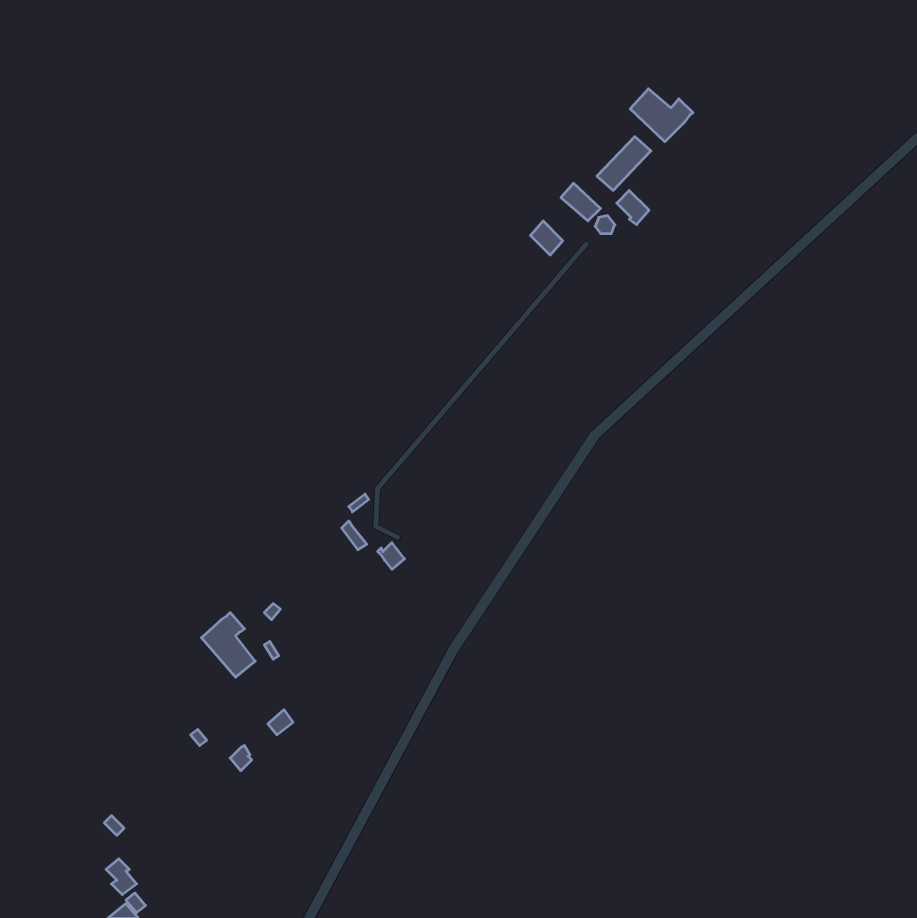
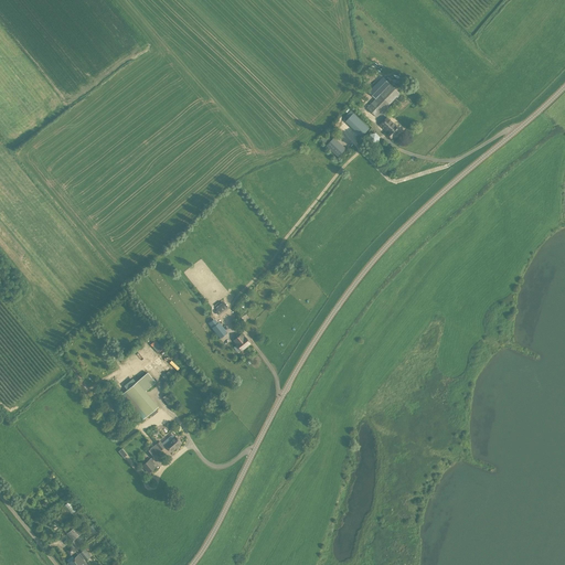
building: [630,89,693,142] -> none

